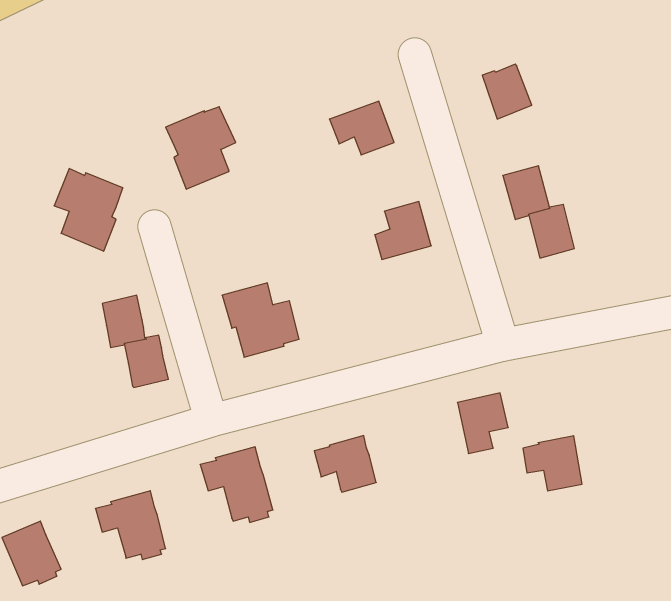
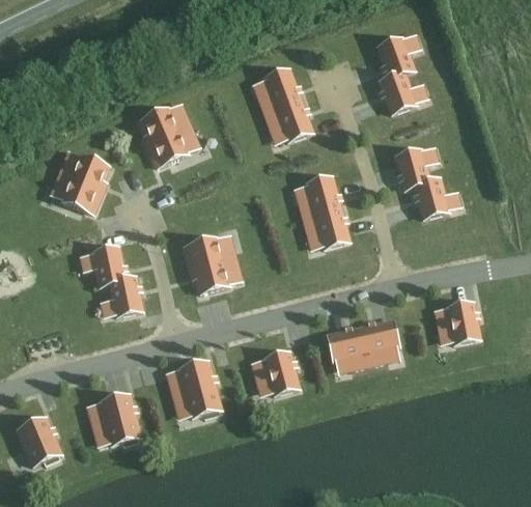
building: none -> [375,36,413,78]
building: none -> [256,68,300,113]
building: none -> [302,208,348,248]
building: none -> [326,327,367,369]
building: [523,436,582,491] -> [434,302,478,343]

